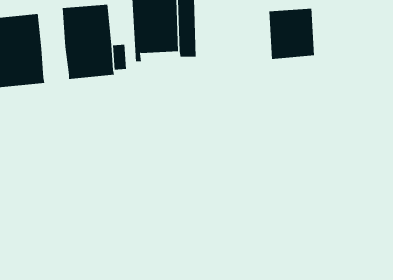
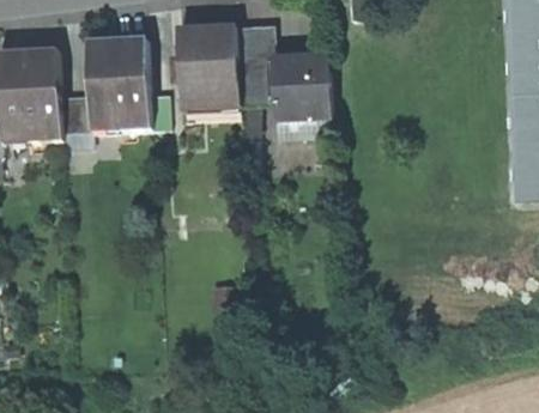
building: [268,8,315,59] -> [271,54,331,120]
building: none -> [59,91,92,130]

